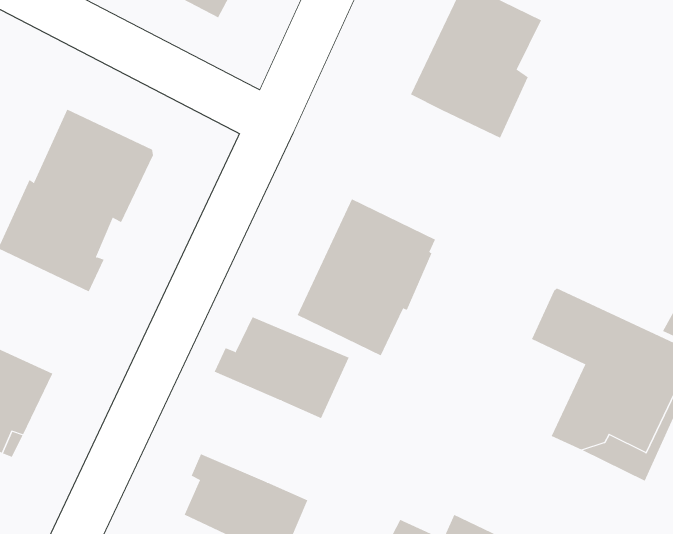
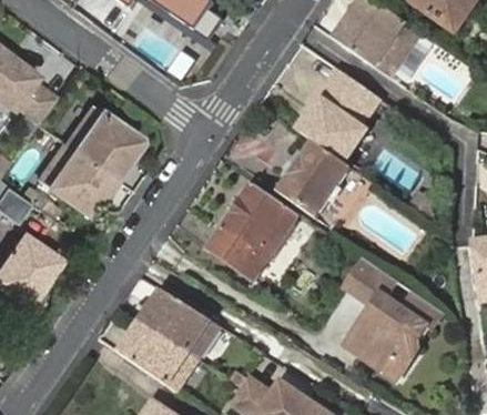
building: none -> [276,141,351,219]
building: [214,317,349,419] -> [138,291,219,357]

